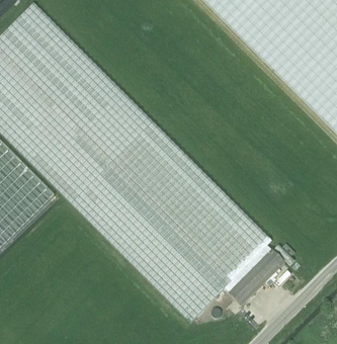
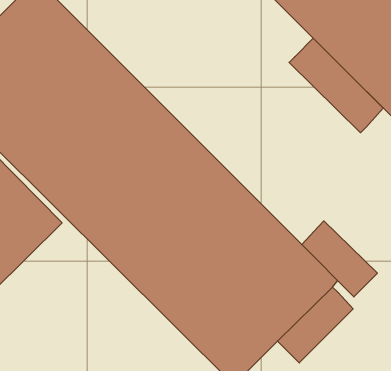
building: none -> [289,38,383,133]
building: none -> [302,221,377,297]

